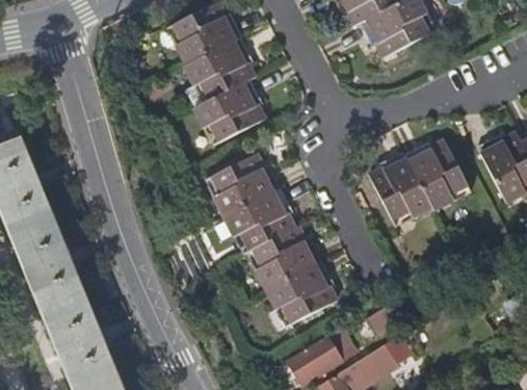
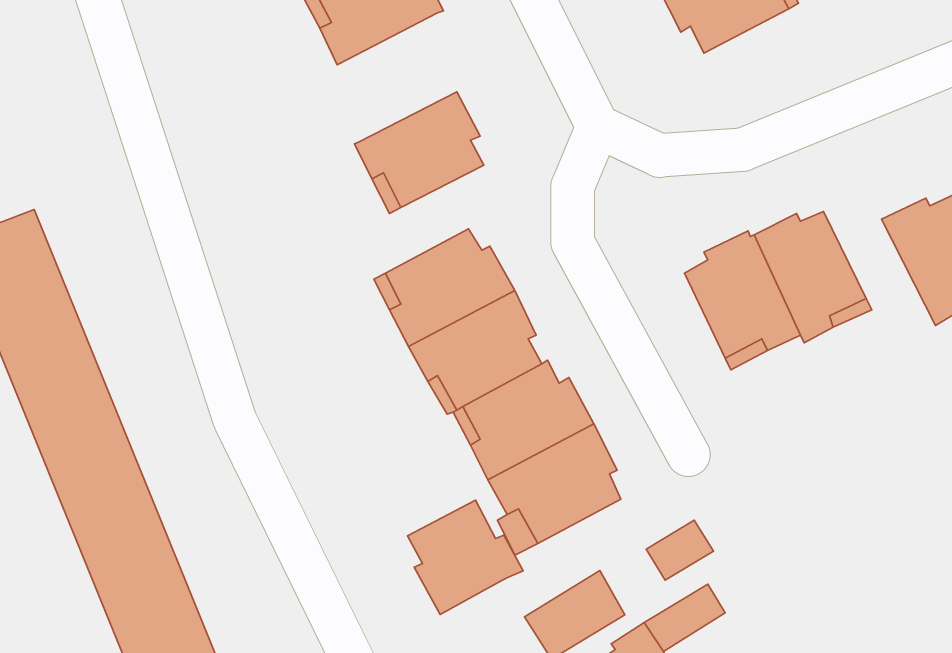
building: [183,35,254,105] -> none
building: none -> [408,500,523,615]

